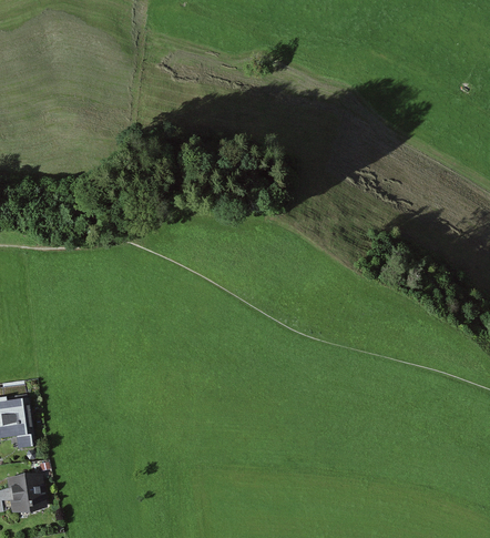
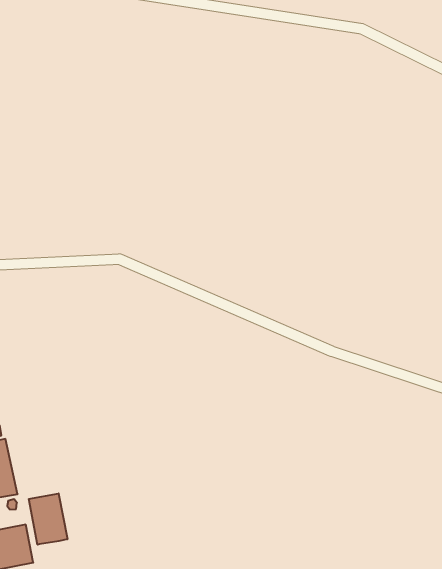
building: none -> [29,493,67,545]

